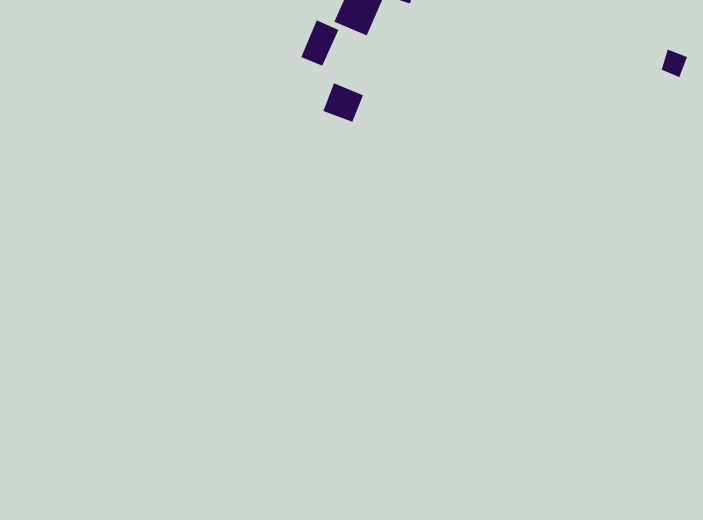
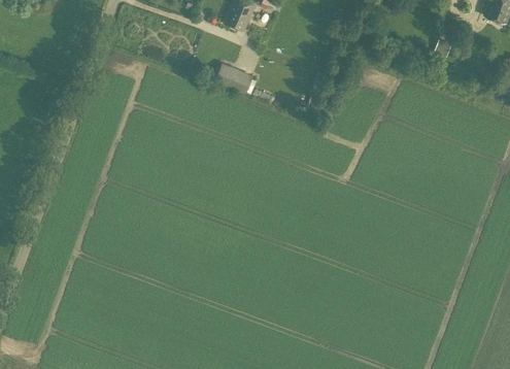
building: [301,20,339,66] -> none

